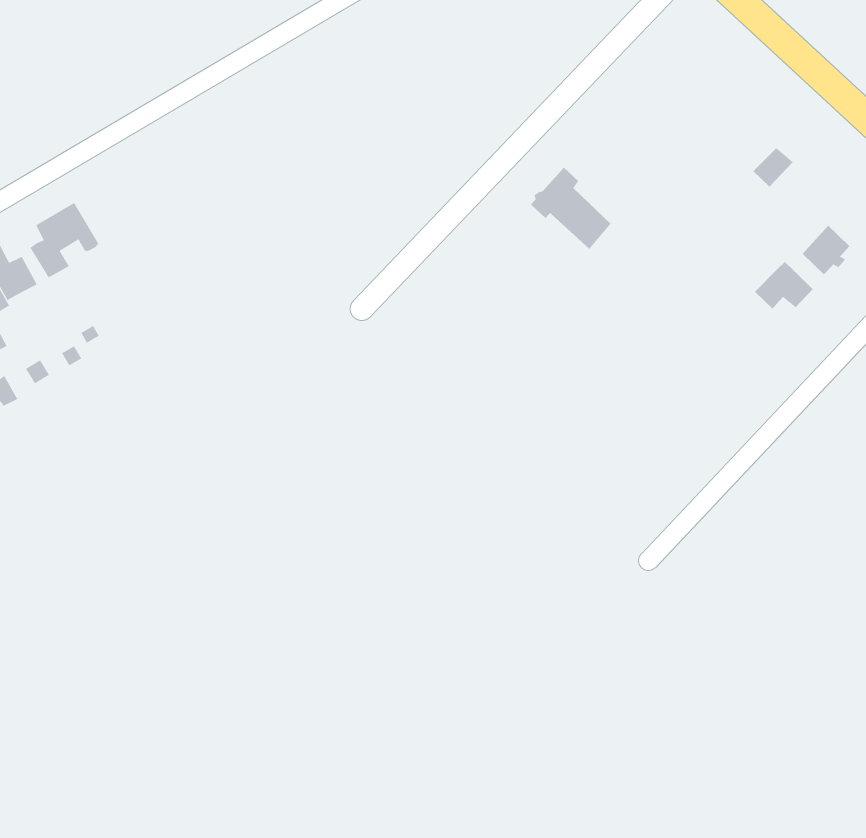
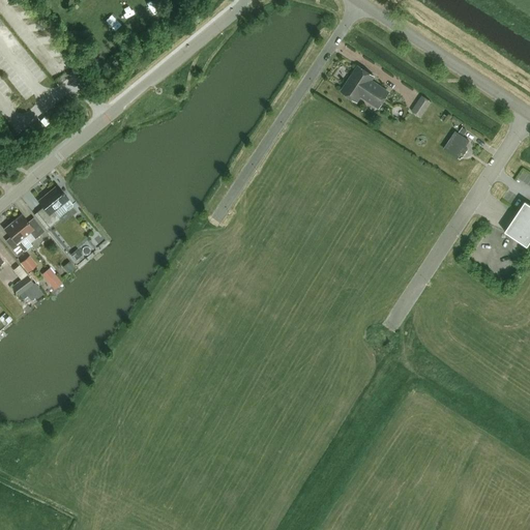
building: [530,167,612,250] -> [344,67,388,109]
building: [754,261,813,309] -> none

